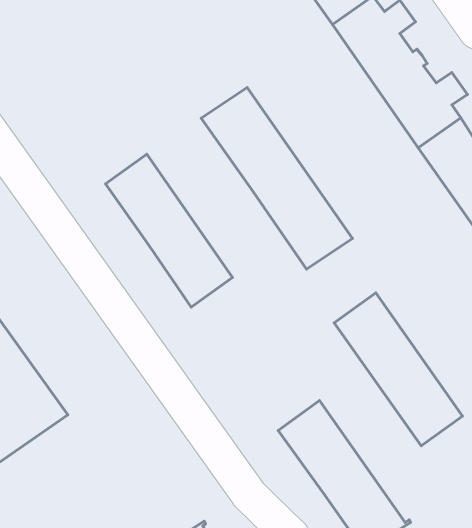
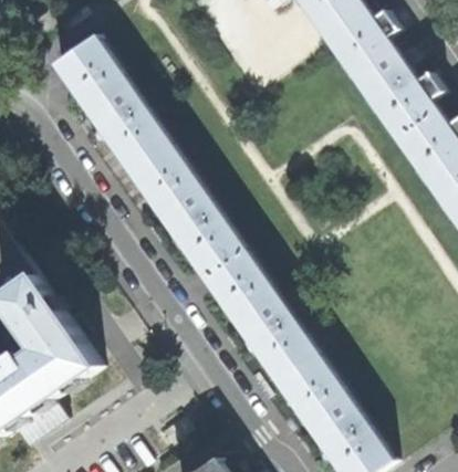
building: none -> [54,38,167,170]
building: [201,87,353,269] -> none
building: [334,293,463,446] -> [205,250,314,380]

